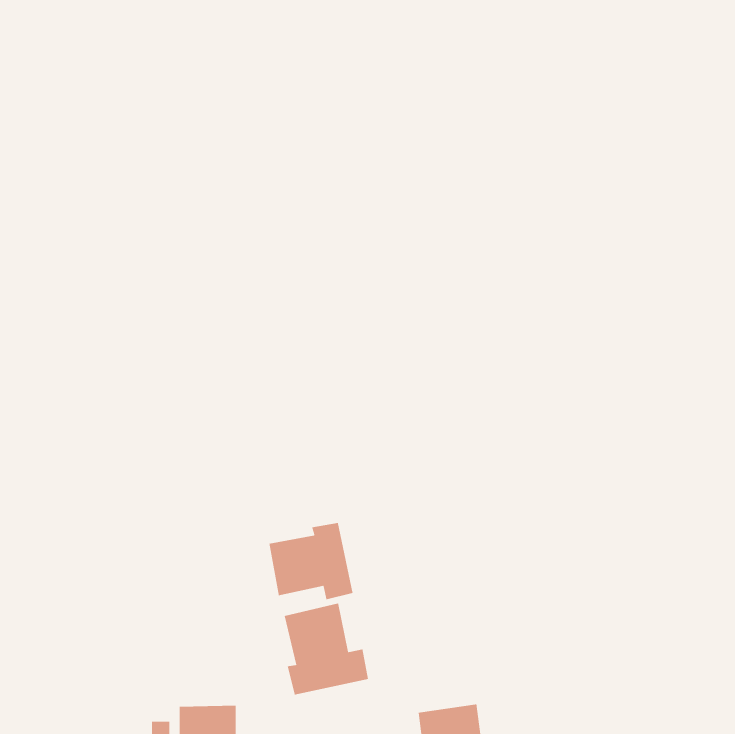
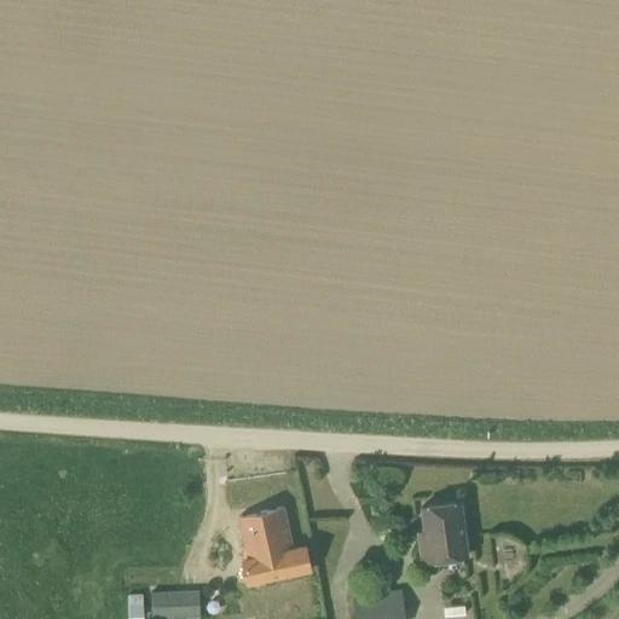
building: [269,522,353,600] -> none
building: none -> [418,505,468,565]

